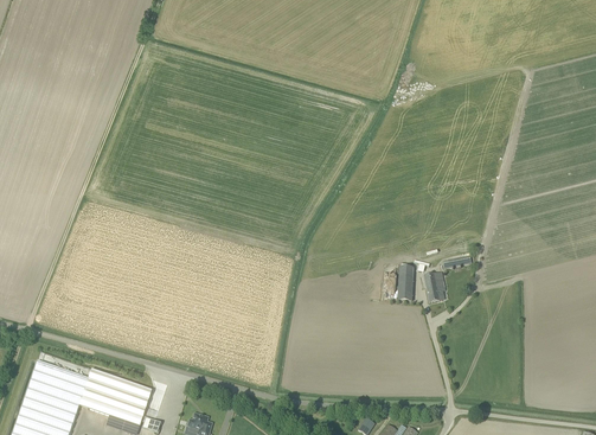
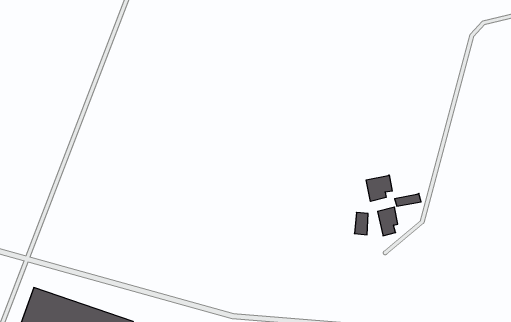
building: none -> [366,175,392,201]

